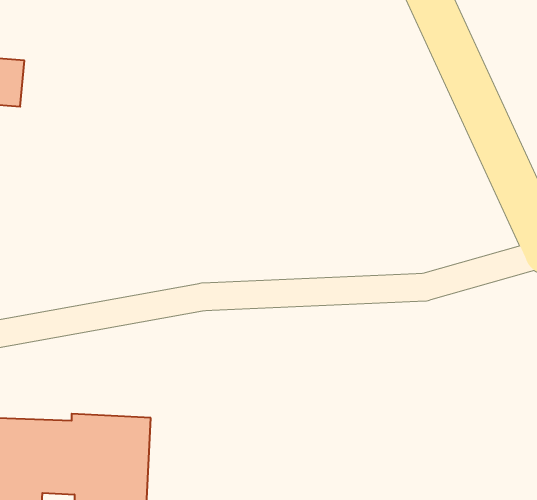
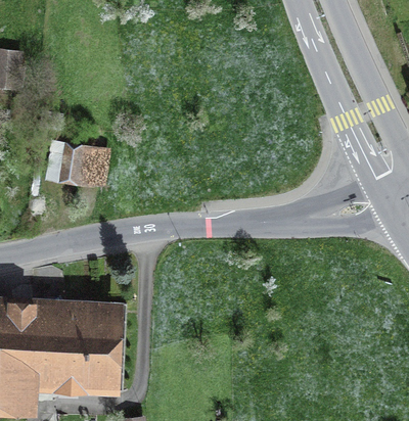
building: none -> [48,141,105,186]

